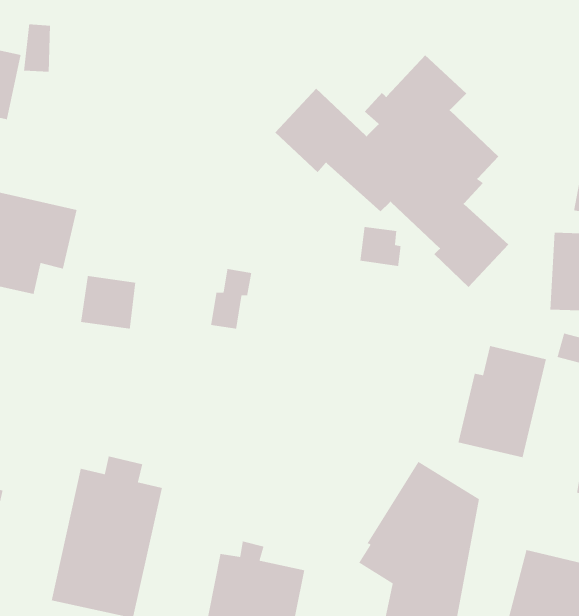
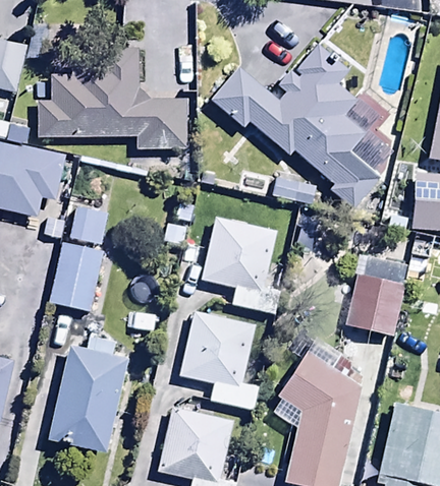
building: none -> [38,47,185,150]
building: none -> [201,209,277,311]
building: none -> [49,241,102,311]
building: none -> [178,309,257,411]

